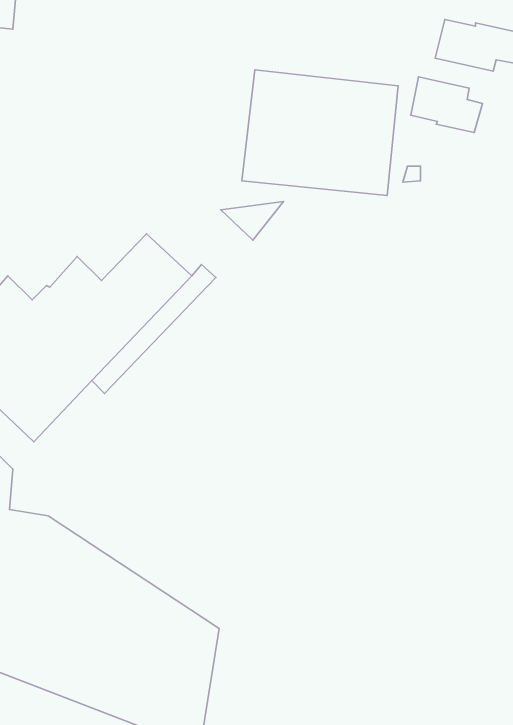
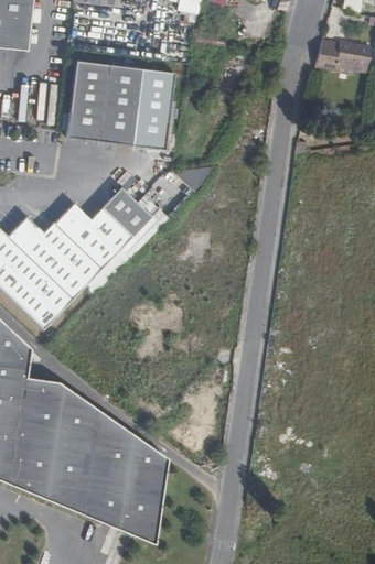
building: [242,70,398,195] -> [64,59,171,145]
building: [411,77,482,133] -> none

